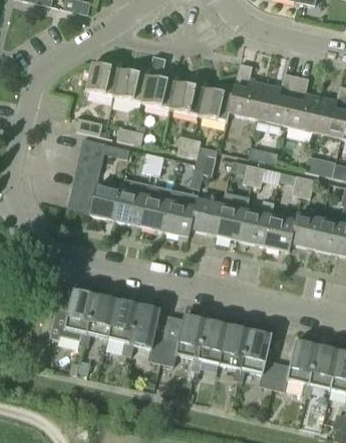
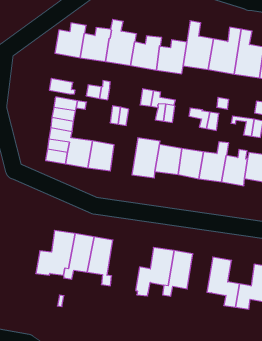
building: [139,185,172,232] -> none
building: [128,304,165,362] -> none
building: [218,325,249,381] -> none

